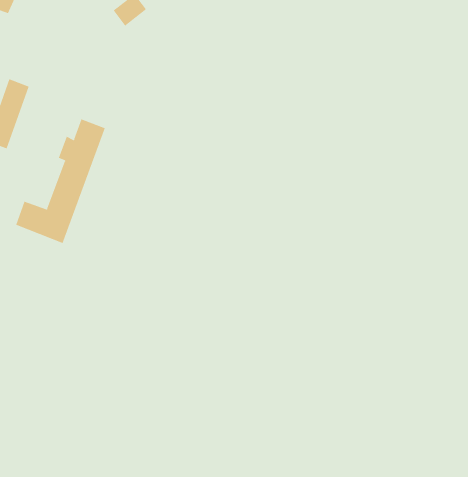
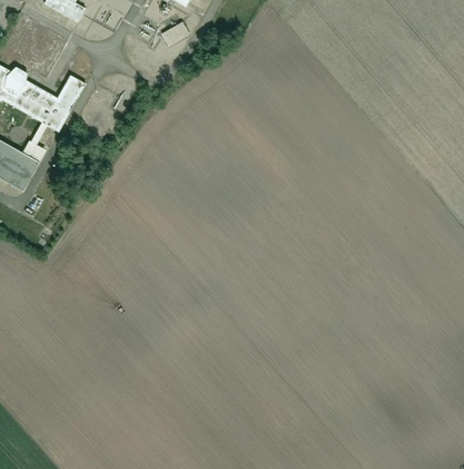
building: [15,118,106,244] -> none

